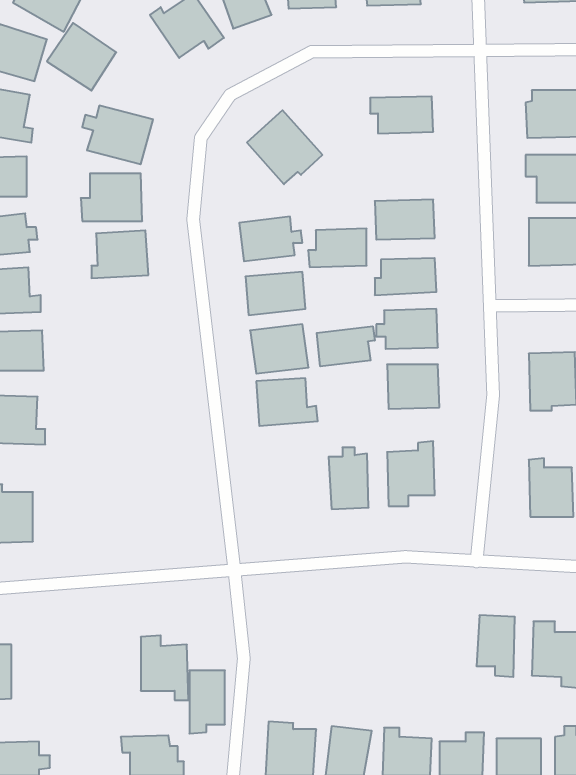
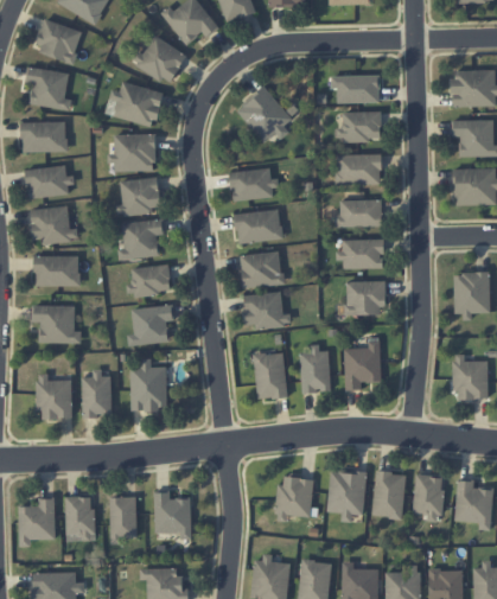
building: [47,23,116,91] -> [134,33,187,85]
building: [308,229,367,267] -> [336,111,381,141]
building: none -> [117,218,165,260]
building: [317,326,375,366] -> none
building: none -> [127,265,171,297]
building: none -> [127,305,174,345]
building: none -> [253,351,287,400]
building: none -> [129,358,167,410]
building: none -> [82,372,111,418]
building: none -> [327,470,365,522]
building: none -> [372,472,404,518]
building: none -> [276,477,312,521]
building: none -> [65,496,94,541]
building: [189,670,225,734] -> [109,496,136,544]

